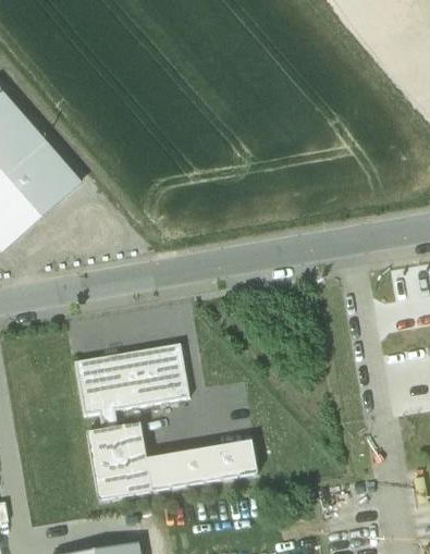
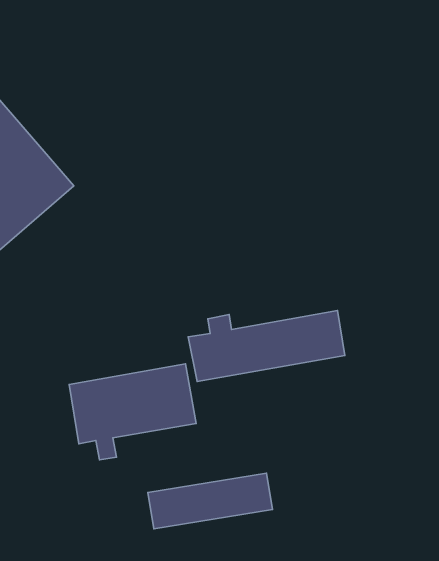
building: none -> [188,310,345,382]
building: [87,421,151,498] -> none

